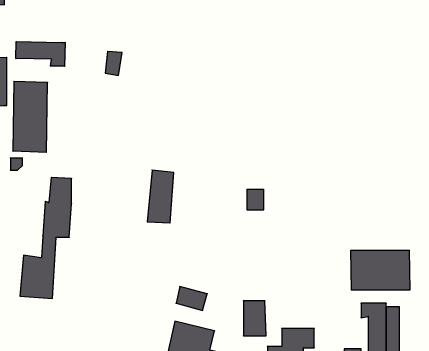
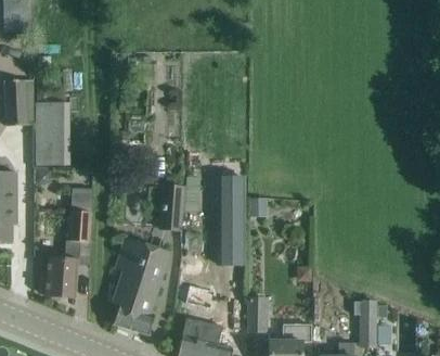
building: [16,42,65,66] -> none
building: none -> [221,181,248,269]
building: none -> [114,236,172,334]
building: [351,250,410,290] -> none

